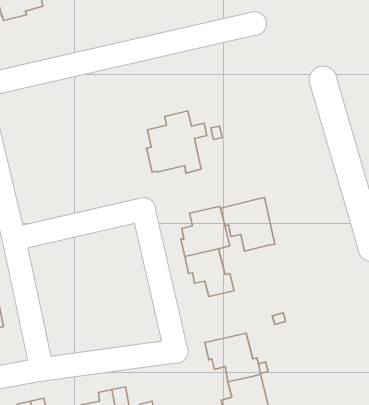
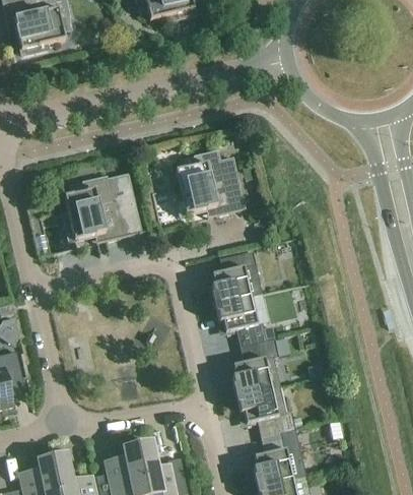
building: none -> [64,175,142,241]
building: [221,198,275,251] -> none
building: none -> [232,338,280,395]

